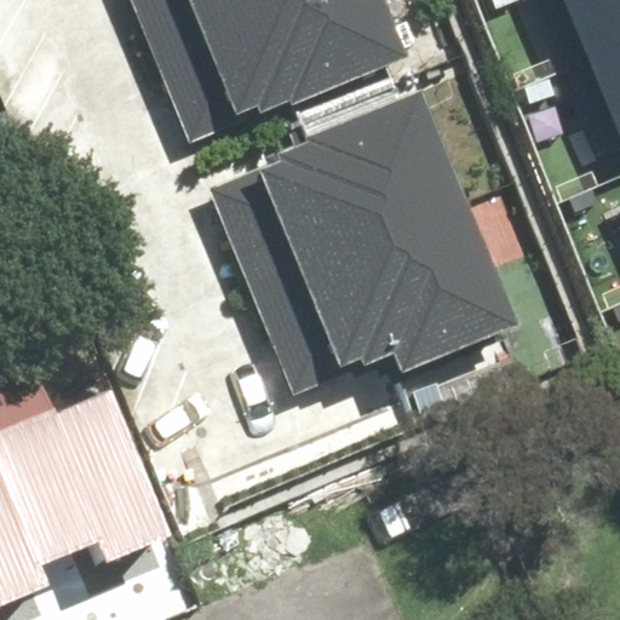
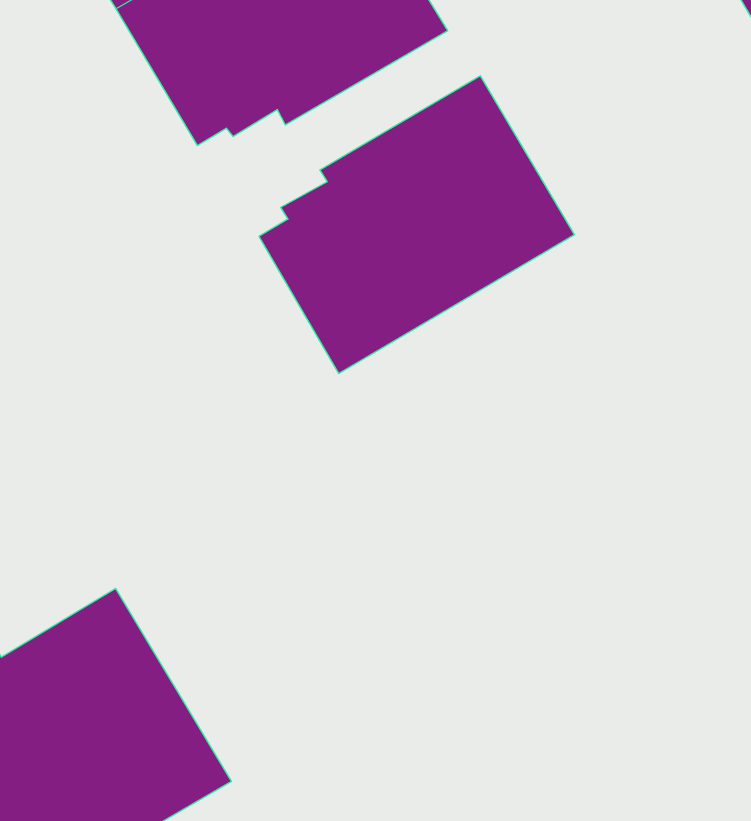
building: [281,209,494,373] -> none

